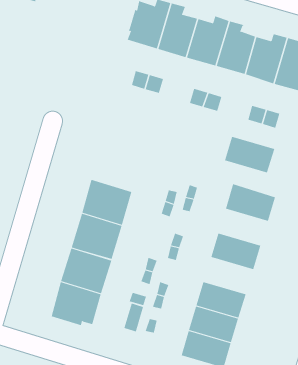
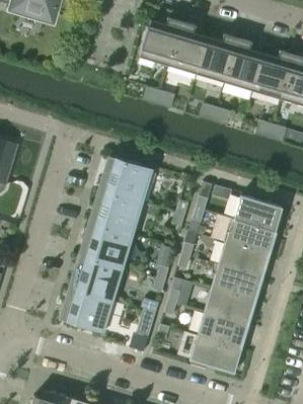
building: [224,136,275,173] -> [226,219,275,254]
building: none -> [104,157,154,203]
building: none -> [212,265,260,301]

